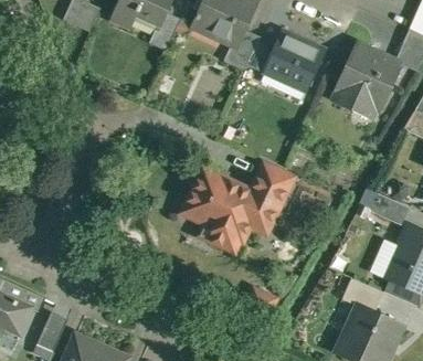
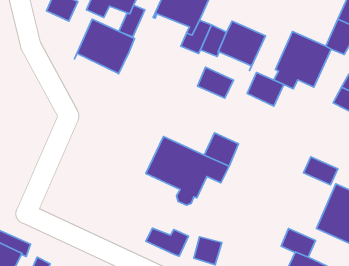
building: none -> [74,19,135,74]
building: none -> [198,67,233,98]
building: none -> [247,72,284,106]
building: none -> [146,228,189,256]

